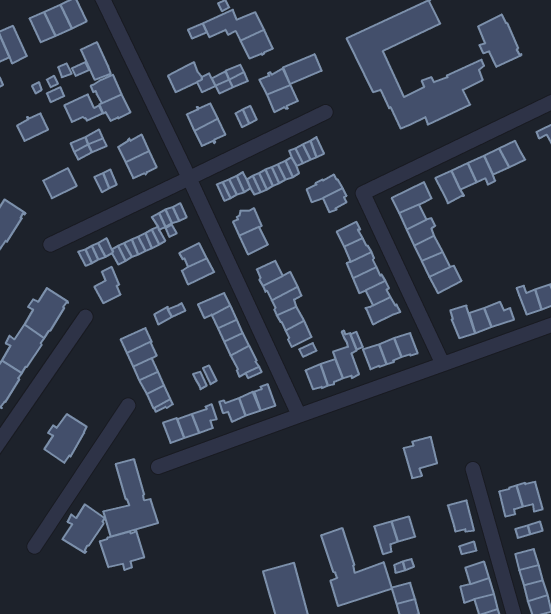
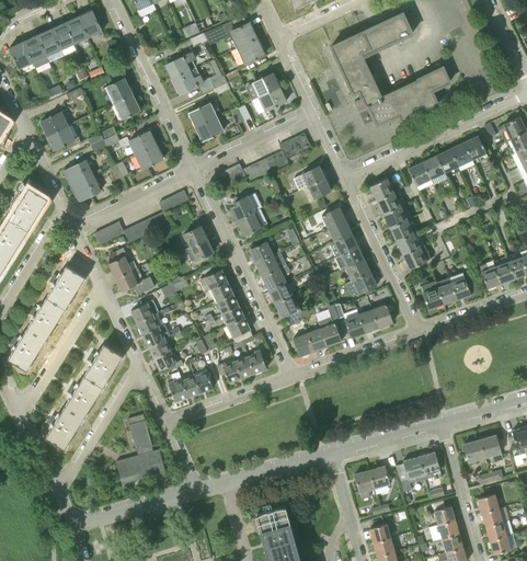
building: [478,14,521,67] -> none
building: [81,42,111,80] -> [37,28,64,61]
building: none -> [167,51,196,79]
building: [283,54,322,84] -> none
building: [64,94,103,122] -> [47,126,81,150]
building: none -> [71,175,101,202]
building: none -> [116,267,154,294]
building: none -> [84,343,124,387]
building: [403,437,437,478] -> [394,456,424,492]
building: [62,504,105,553] -> [45,407,82,449]
building: [321,528,392,606] -> none
building: [100,530,144,570] -> none

